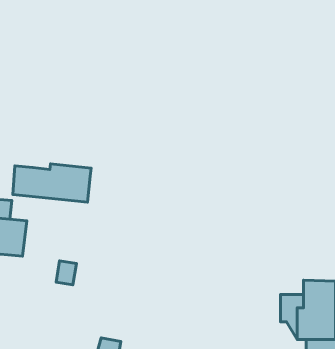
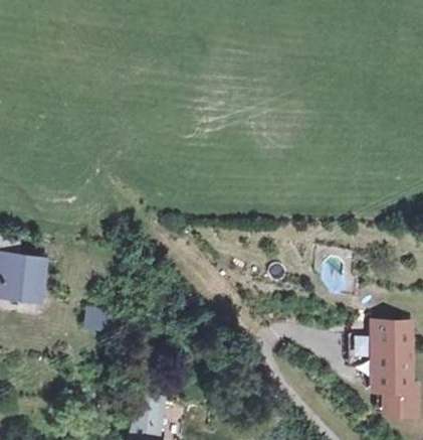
building: [13,164,91,202] -> none

